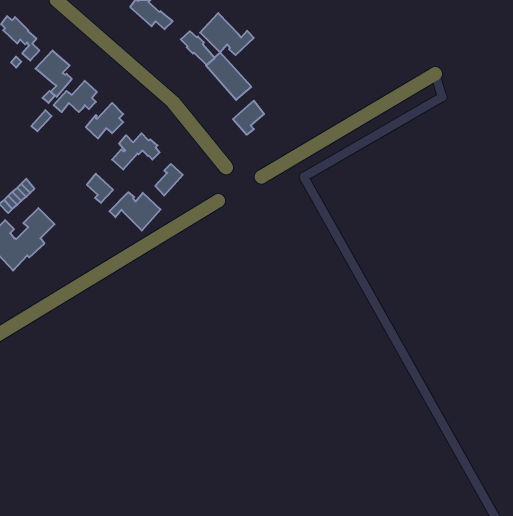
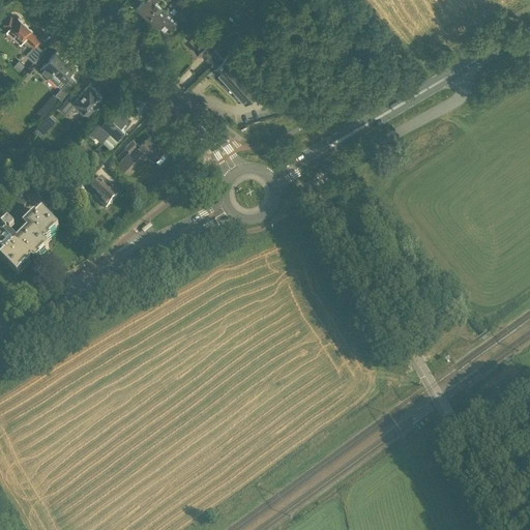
building: [200,13,254,55] -> none
building: [233,101,264,135] -> none
building: [155,164,183,196] -> none
building: [109,192,161,231] -> none

